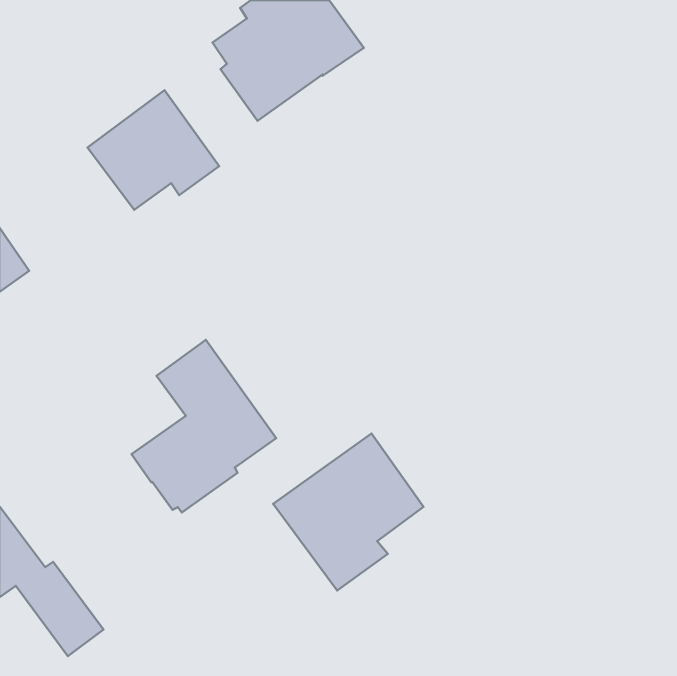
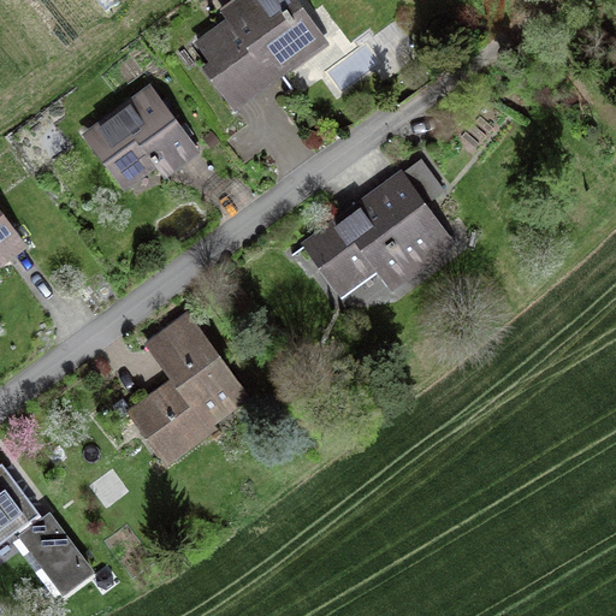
building: none -> [300,159,456,312]
building: [273,434,424,590] -> none

